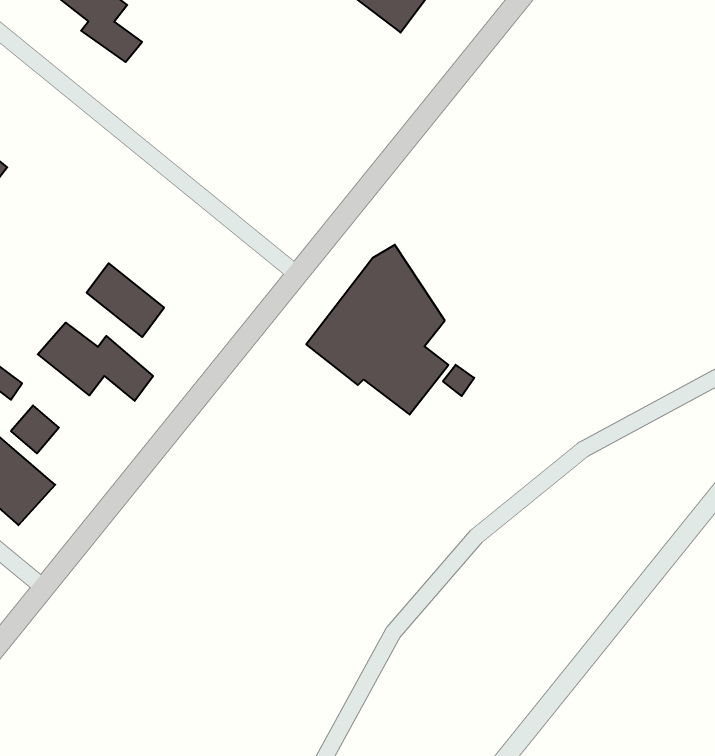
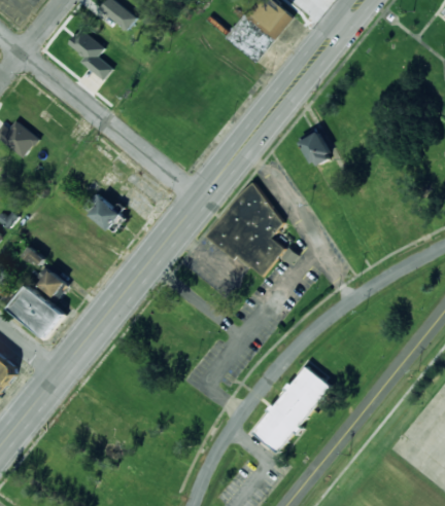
building: none -> [299,131,331,166]
building: [38,323,153,401] -> none
building: none -> [252,365,330,453]

